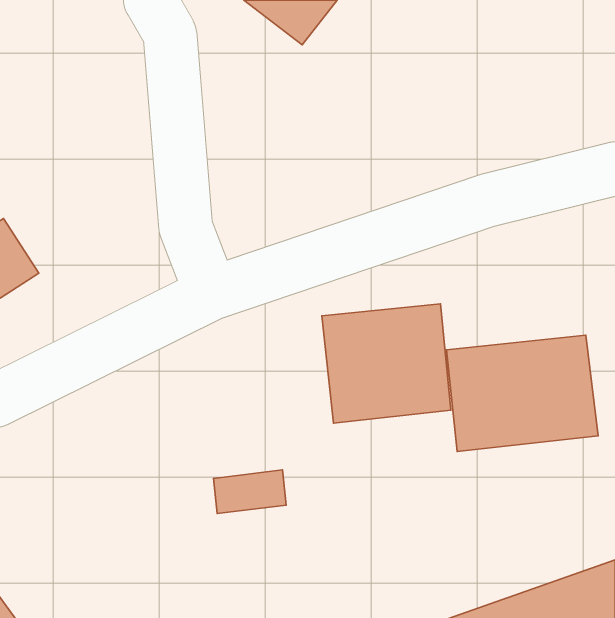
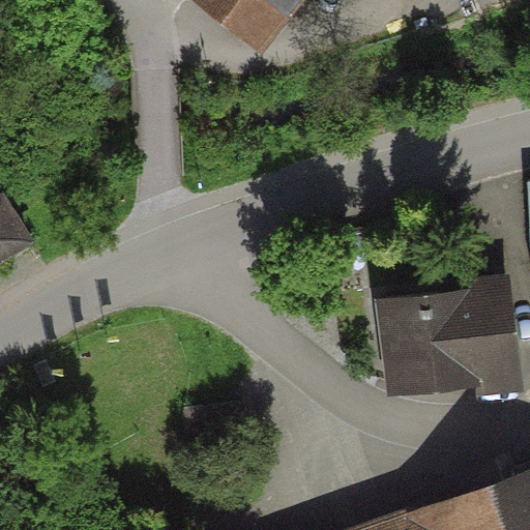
building: [322,304,451,423] -> none

